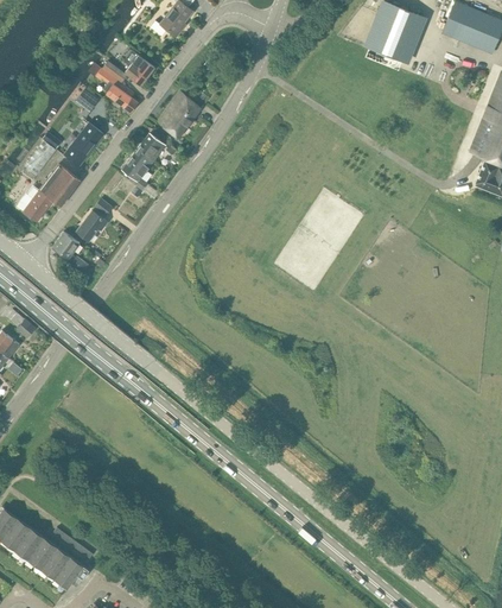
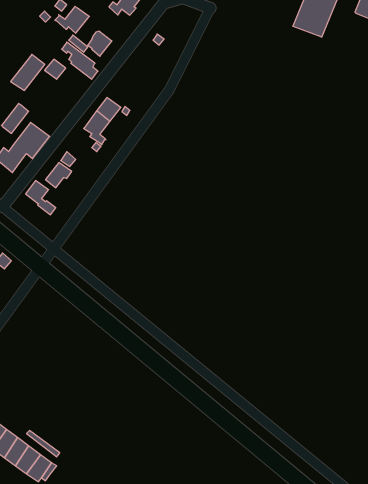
building: none -> [55,6,89,33]
building: [158,93,201,138] -> none
building: [63,124,103,166] -> [11,54,45,90]

